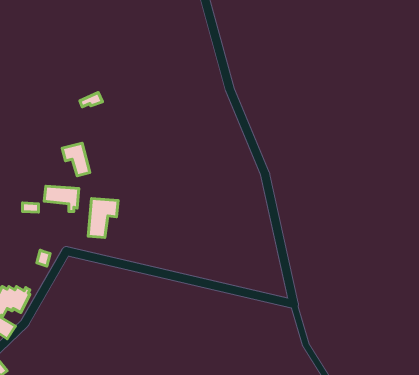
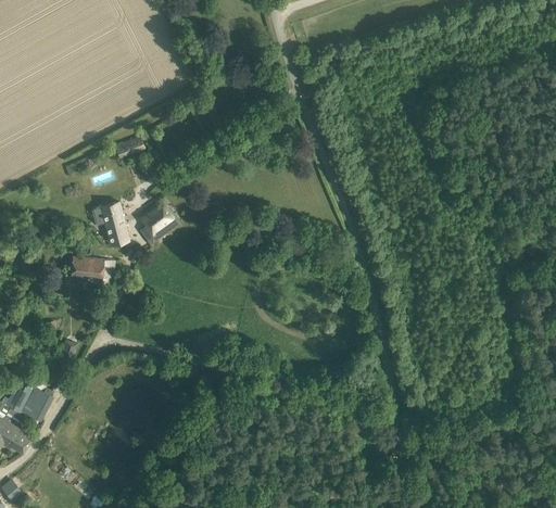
building: none -> [139,199,179,244]
building: [88,198,118,238] -> none

